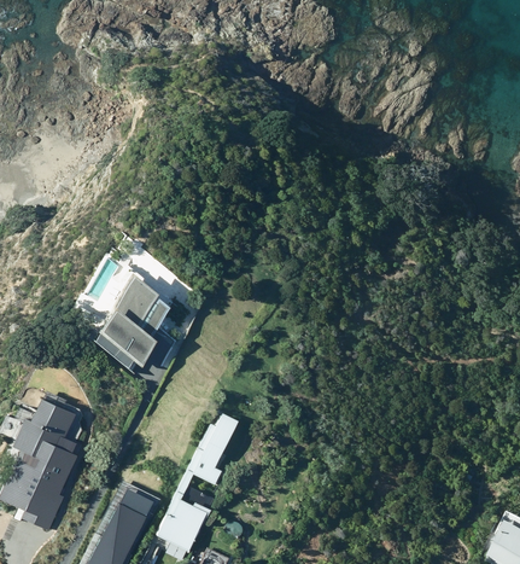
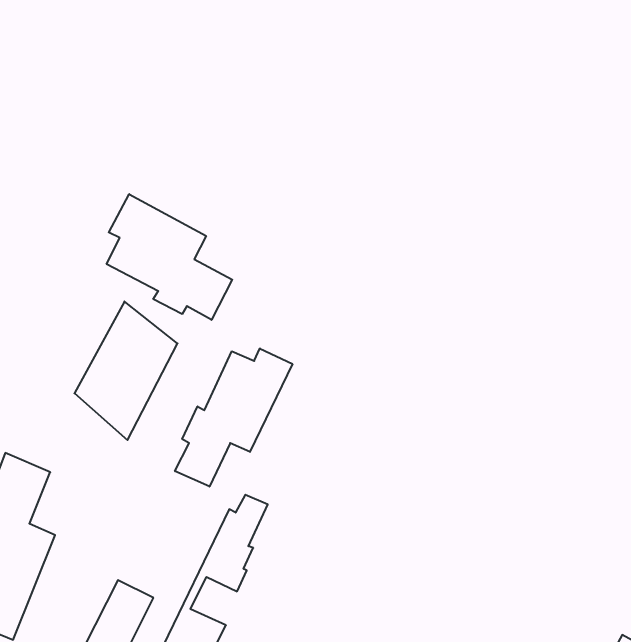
building: none -> [107,194,232,320]
building: none -> [175,348,292,487]

